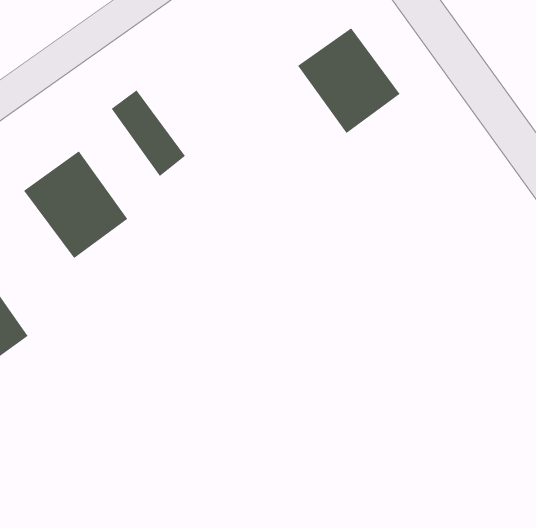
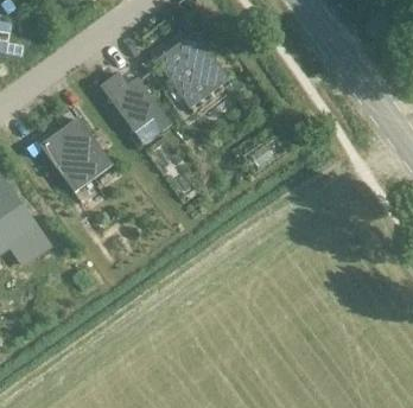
building: [297,27,400,134] -> [155,33,225,106]

